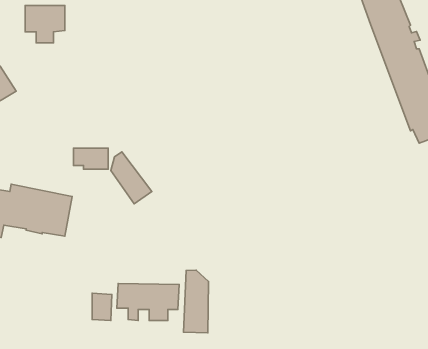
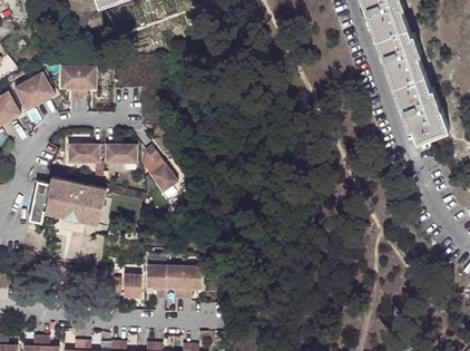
building: [25,6,65,43] -> [61,67,97,100]
building: none -> [70,145,101,163]
building: [184,270,208,333] -> none

